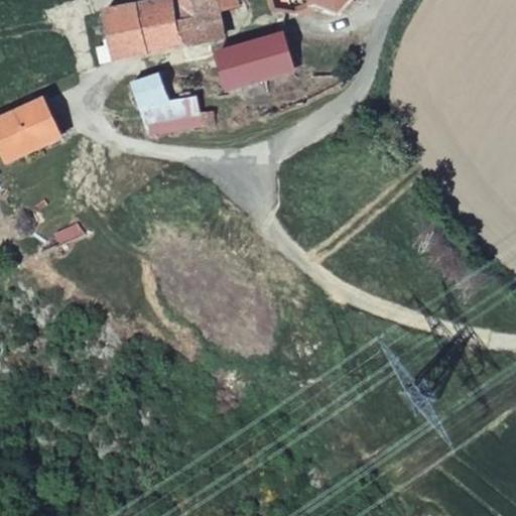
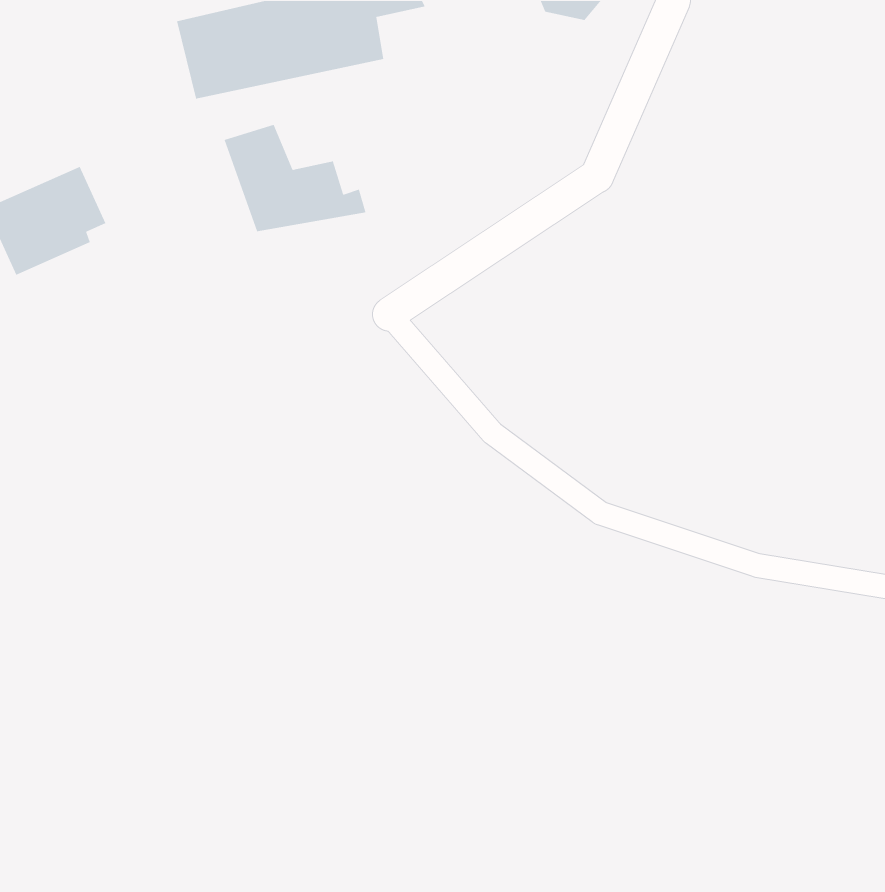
building: [214,34,288,88] -> none

